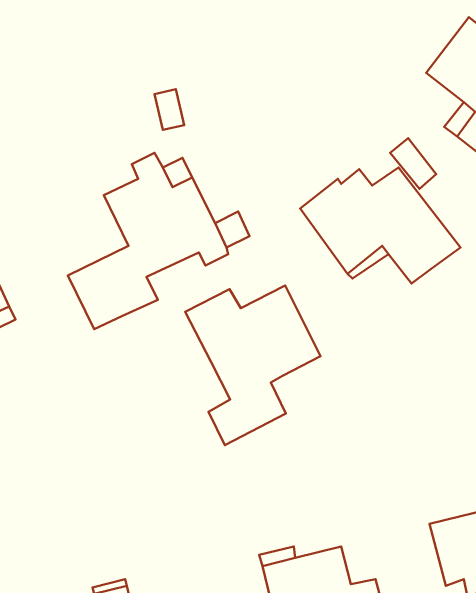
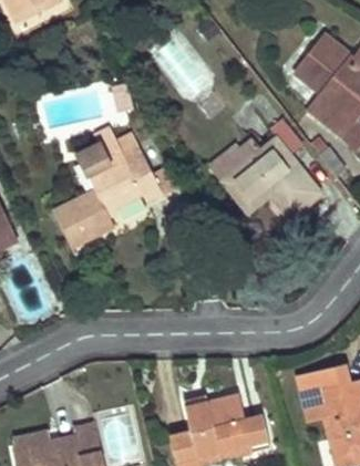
building: [185,286,321,445] -> none

